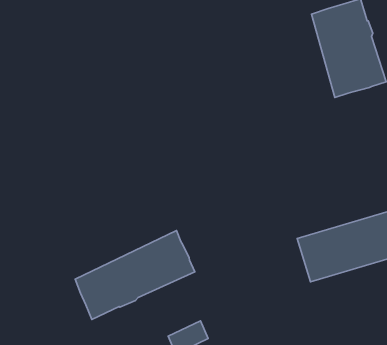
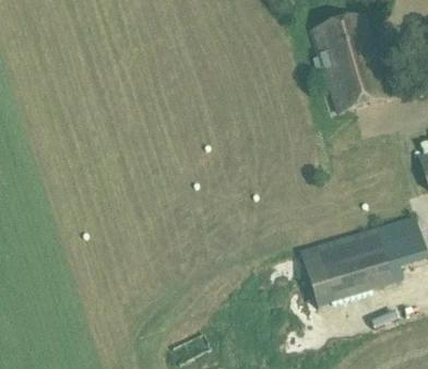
building: [75,230,195,319] -> none

